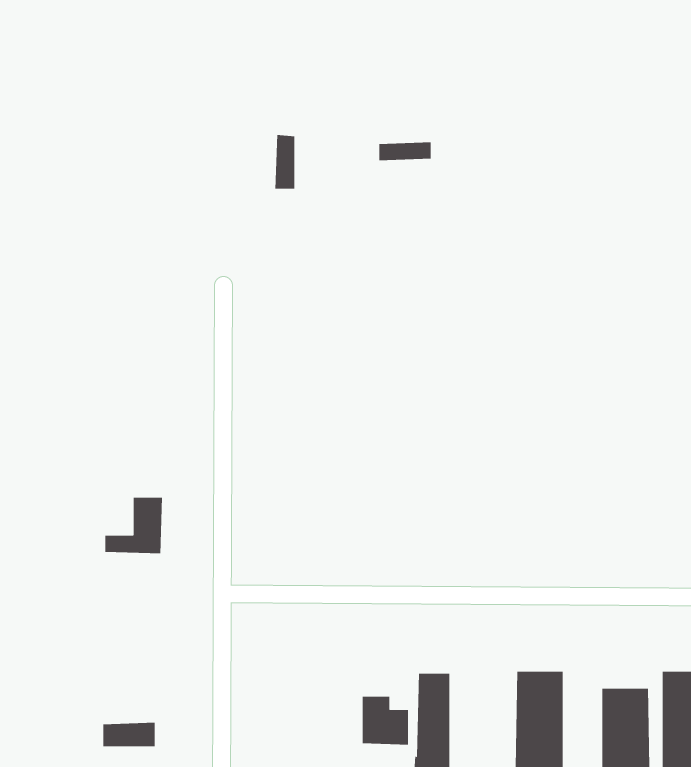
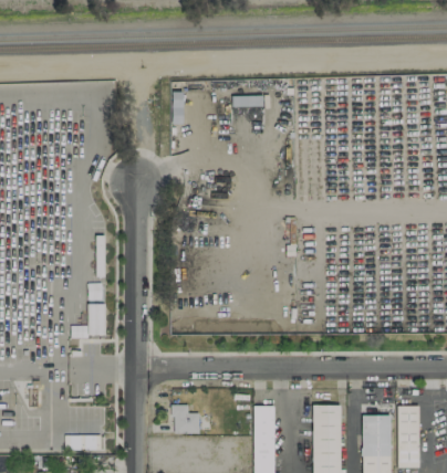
building: [362,696,409,745] -> [173,406,200,434]

